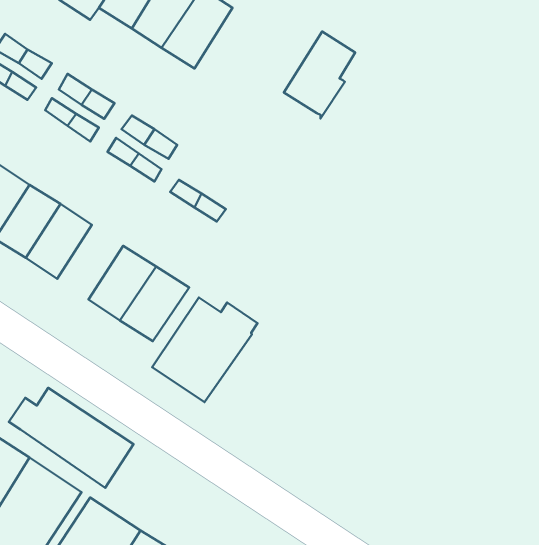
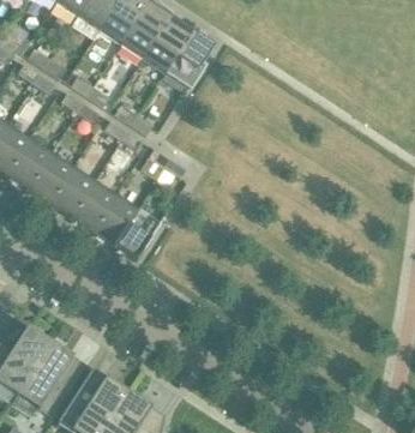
building: [284,32,355,118] -> [164,31,213,91]
building: none -> [70,181,115,233]
building: [152,297,257,402] -> none
building: [9,388,134,488] -> none

